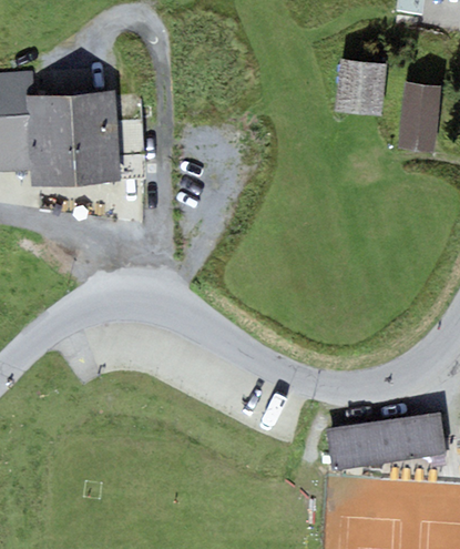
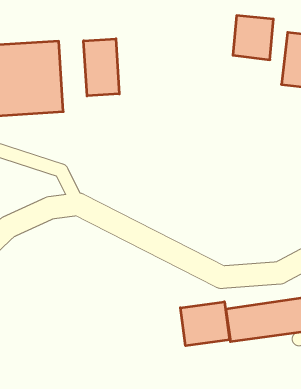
building: none -> [84,39,119,96]
building: none -> [180,302,230,346]

